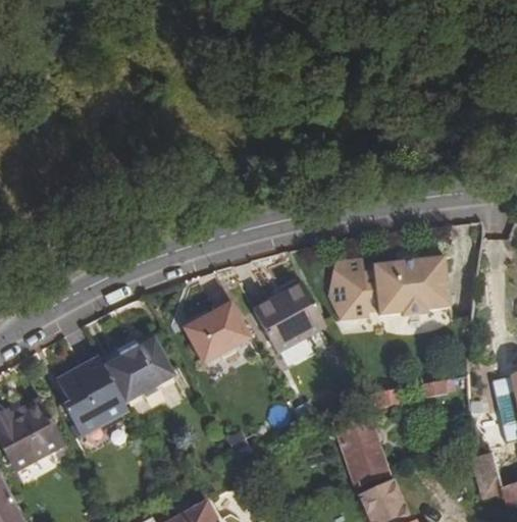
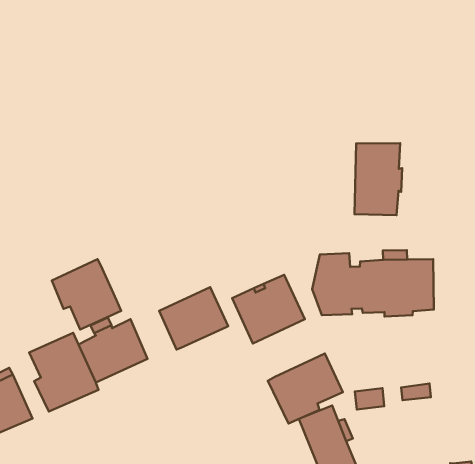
building: none -> [355,143,402,215]
building: none -> [52,259,121,330]
building: none -> [268,353,343,423]

